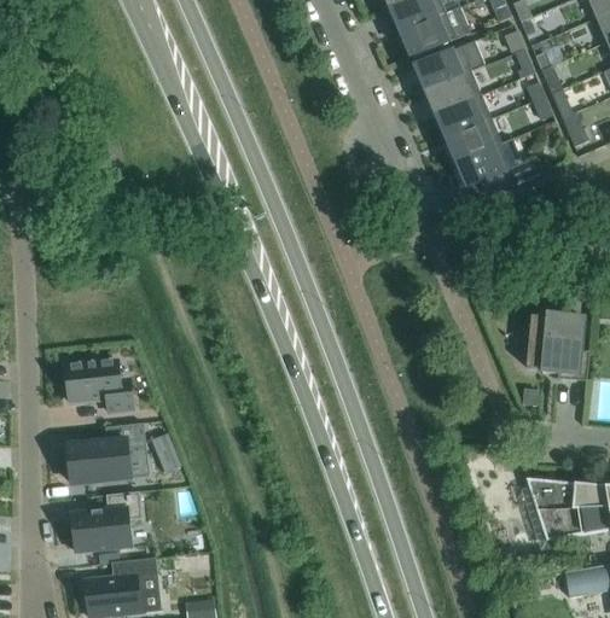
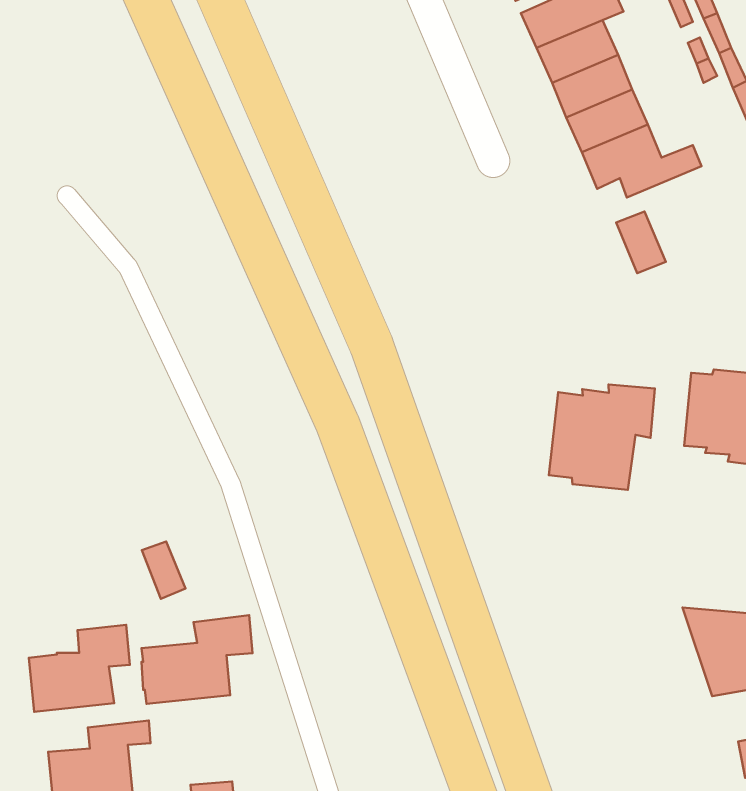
building: none -> [616,211,666,273]
building: none -> [549,385,655,490]
building: [66,360,133,413] -> none
building: [69,422,146,484] -> [141,615,253,704]

